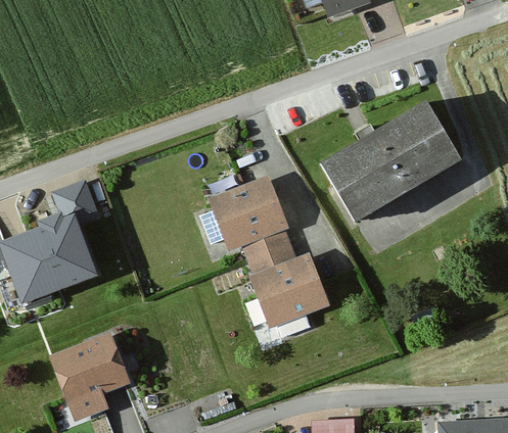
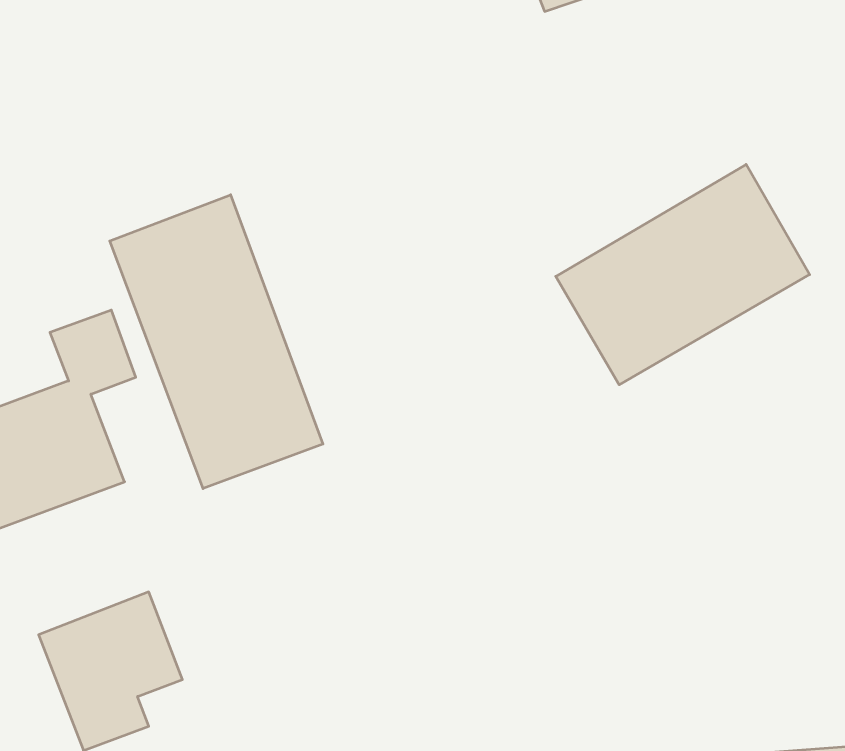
building: none -> [110,195,323,489]
building: [204,174,324,327] -> none

